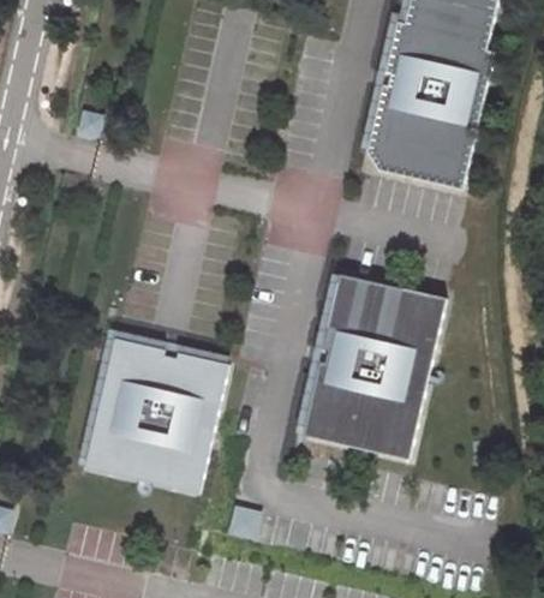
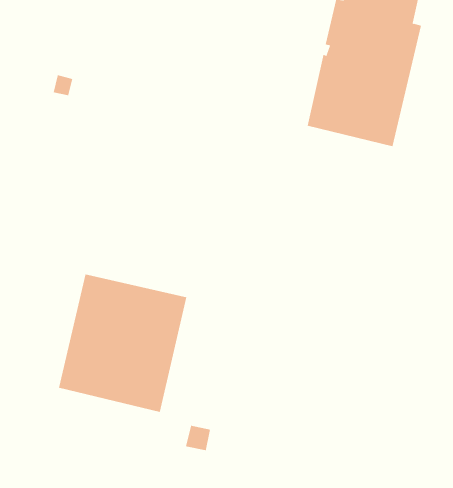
building: [301,271,443,458] -> none

